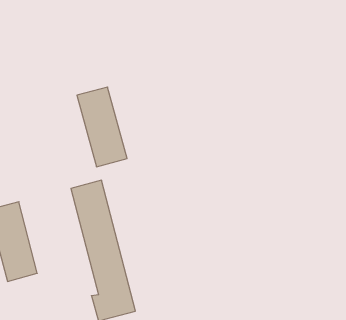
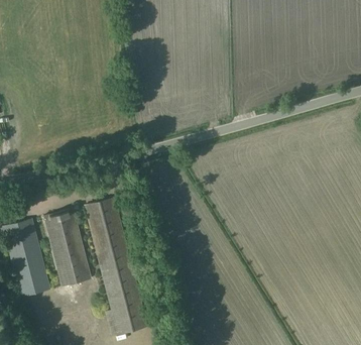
building: [77,87,127,167] -> [43,208,93,286]

